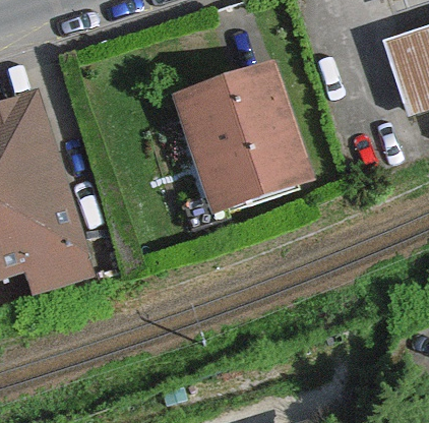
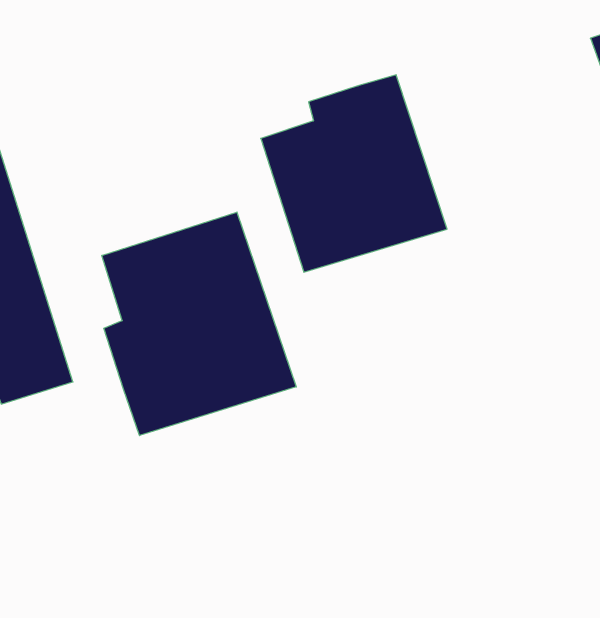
building: none -> [102,212,296,436]

